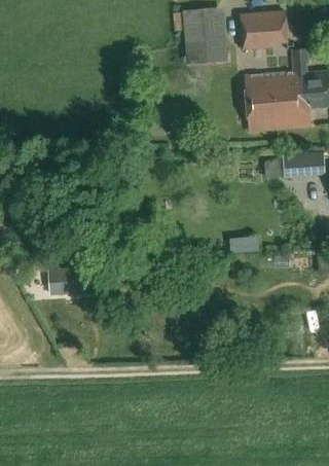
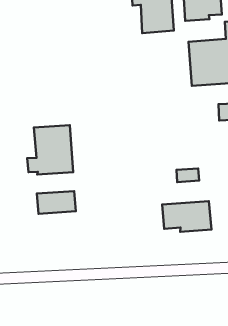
building: none -> [27,125,73,175]
building: none -> [162,201,211,232]

